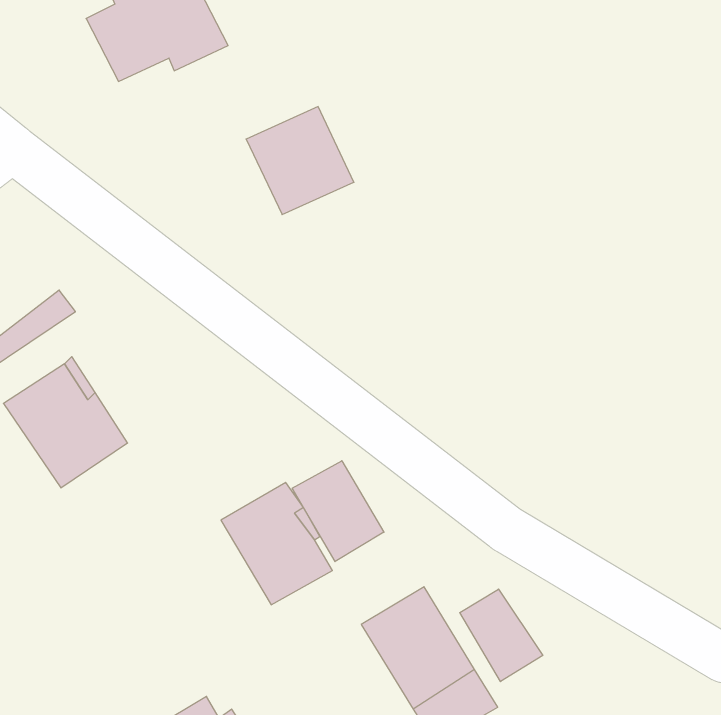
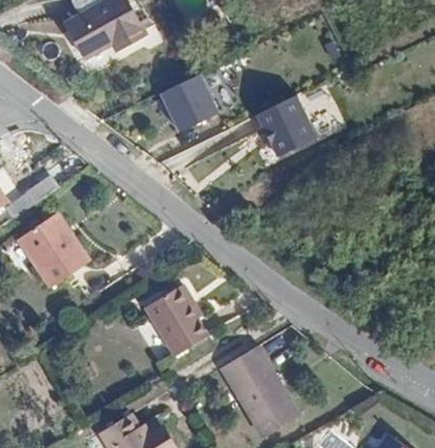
building: none -> [253,89,318,157]
building: [292,461,384,562] -> none
building: [460,589,543,682] -> none

